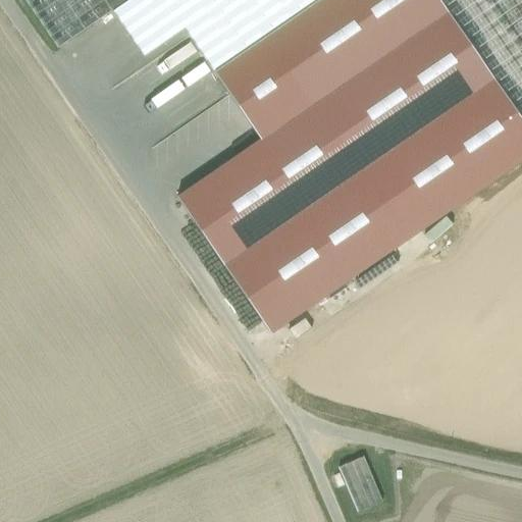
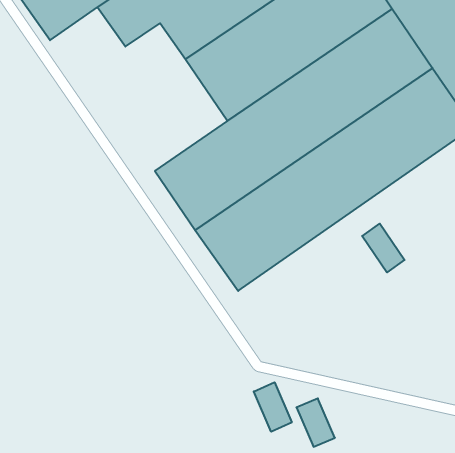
building: none -> [362,224,405,272]
building: none -> [254,382,292,432]

